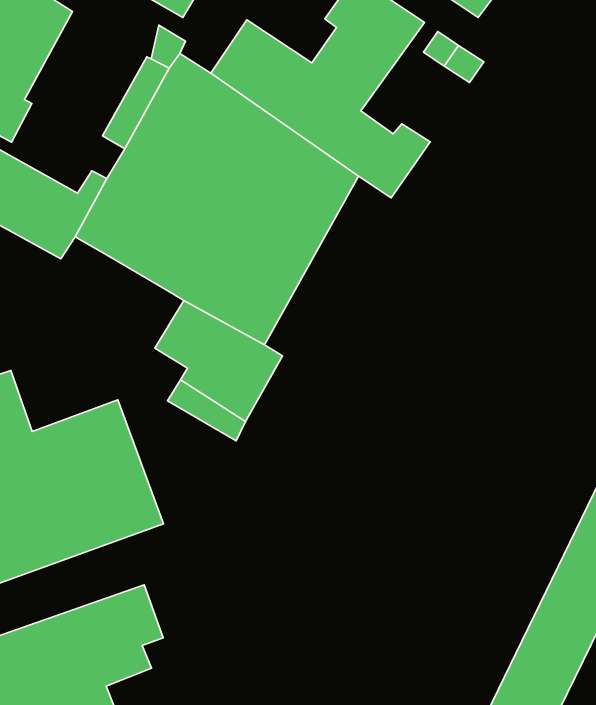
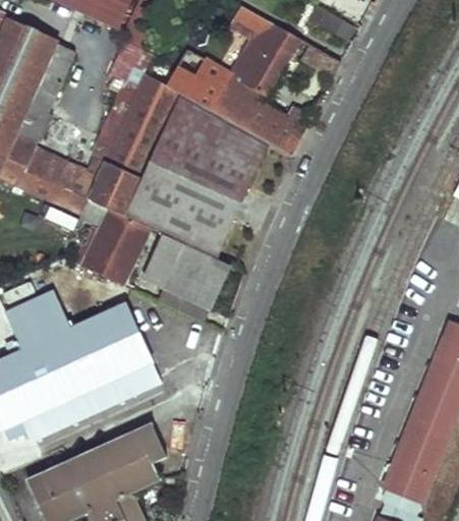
building: none -> [87,209,150,285]

